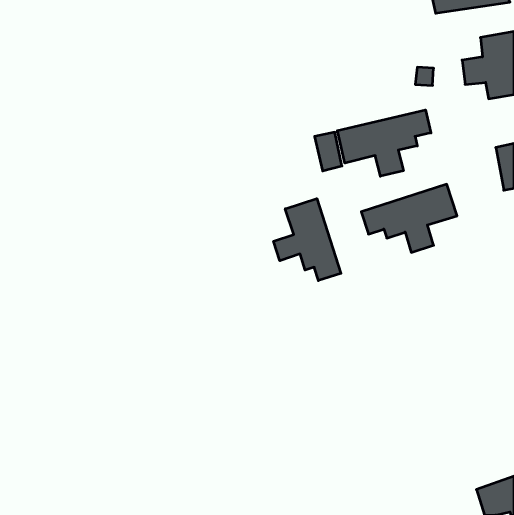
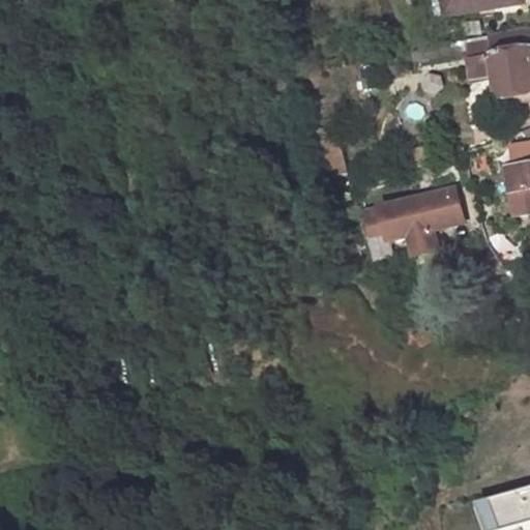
building: [337,110,431,176] -> none
building: [274,199,341,281] -> none

